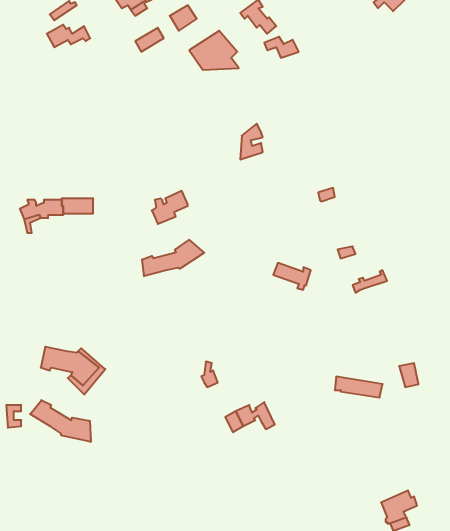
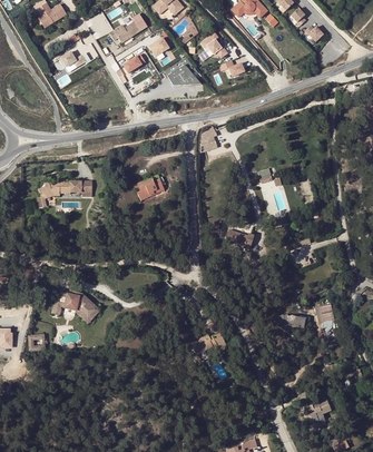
building: [142,240,204,276] -> none
building: [30,400,91,442] -> none

